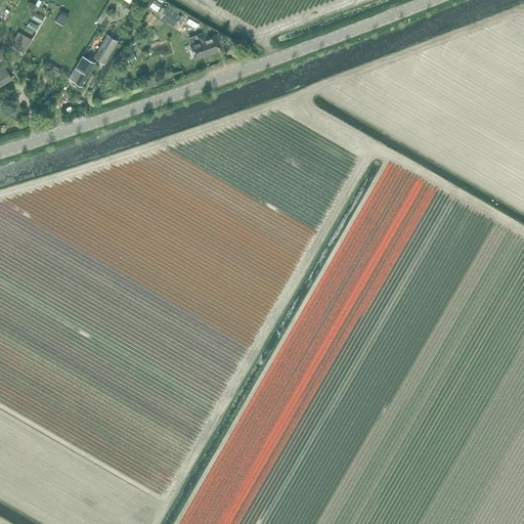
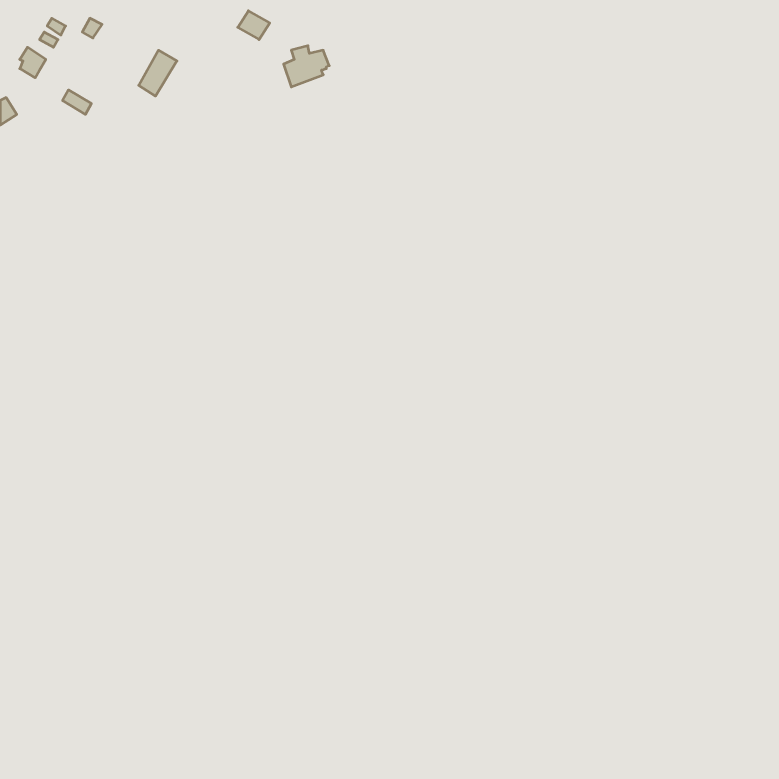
building: [70,54,95,86] -> none

